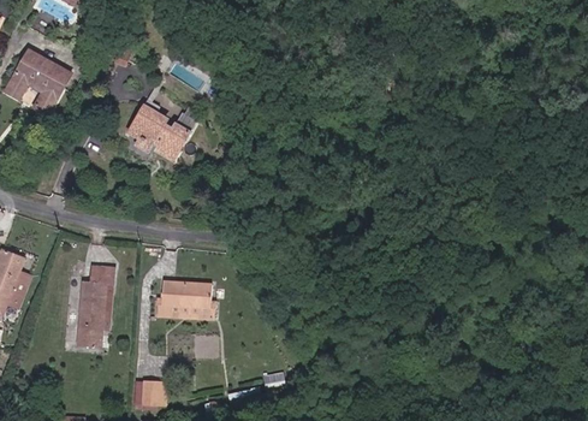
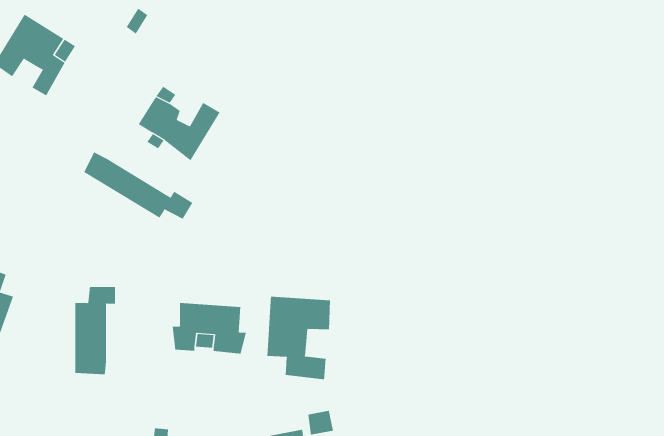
building: none -> [83,152,193,220]
building: none -> [267,296,330,380]

